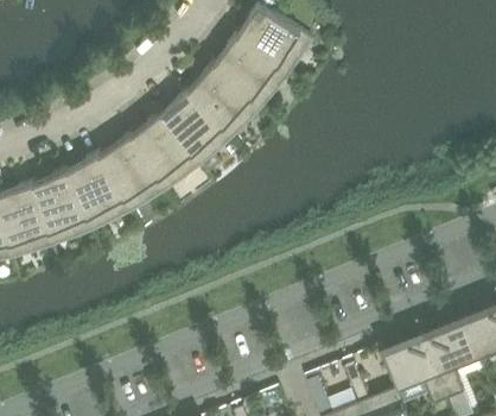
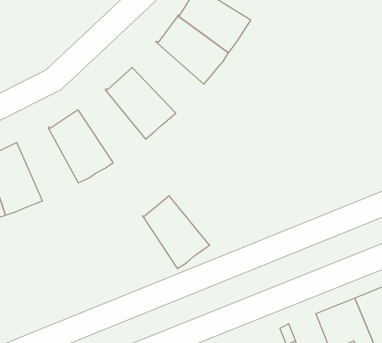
building: [187,62,263,138] -> none
building: [131,113,202,190] -> [142,196,210,269]
building: [65,153,131,231] -> none

